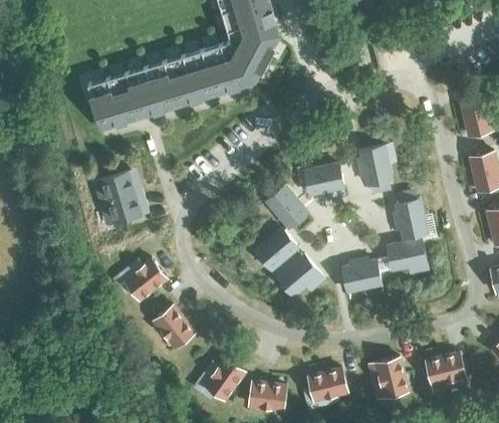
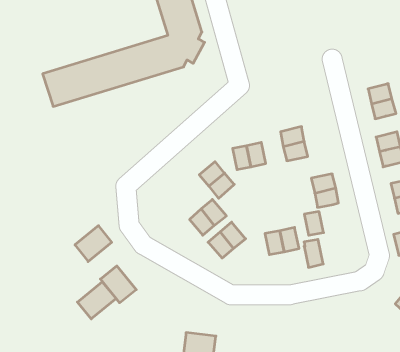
building: [93,174,149,224] -> none
building: [405,236,427,268] -> [304,239,323,267]
building: none -> [77,282,116,319]
building: [426,354,466,386] -> none
building: [205,359,245,401] -> none
building: [376,359,408,399] -> none
building: [308,370,347,401] -> none

